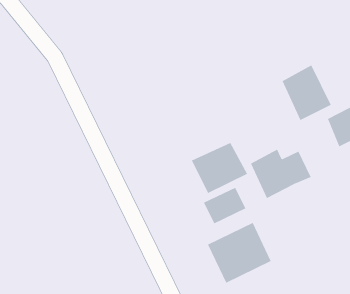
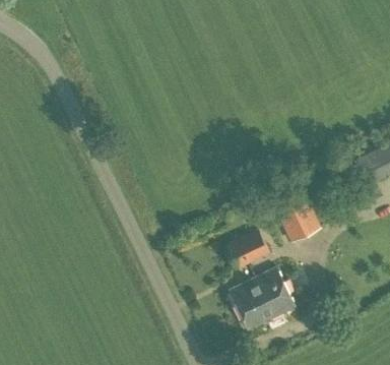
building: [282,64,331,121] -> none
building: [191,142,248,194] -> none

